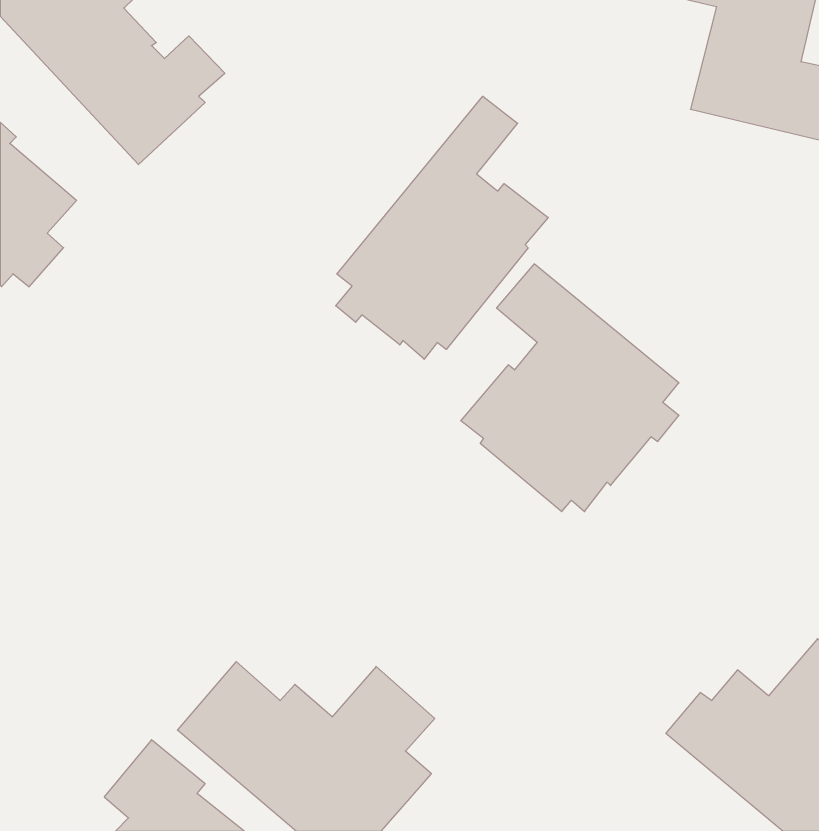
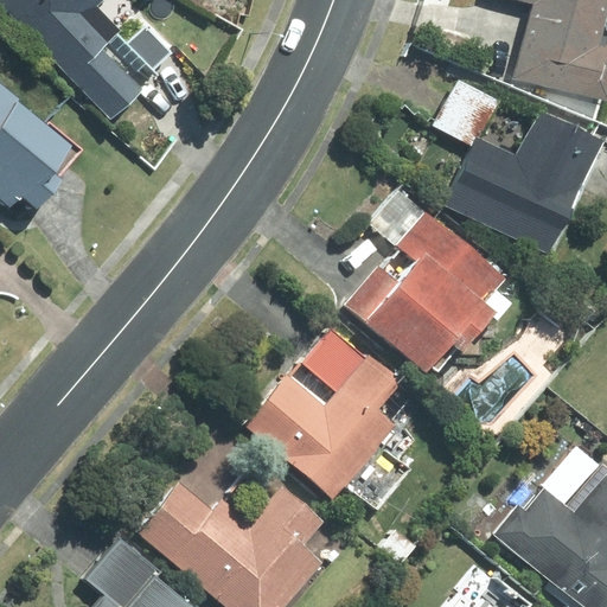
building: [336,96,548,359] -> none
building: none -> [434,79,598,254]
building: none -> [244,326,400,499]

